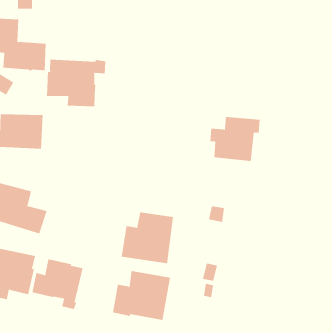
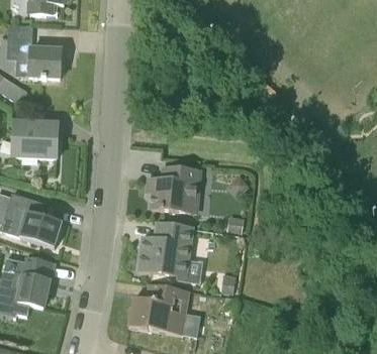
building: [47,59,106,107] -> none
building: [210,116,260,162] -> [147,166,199,213]
building: [32,258,83,310] -> none

